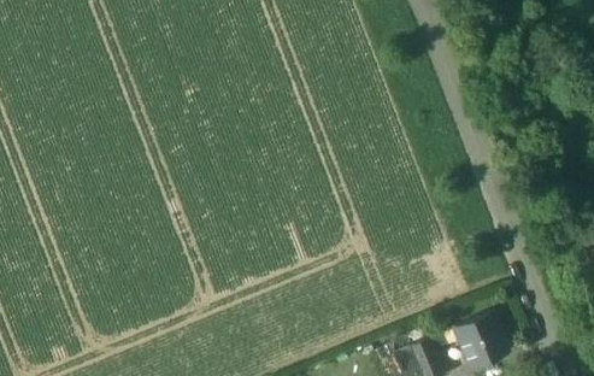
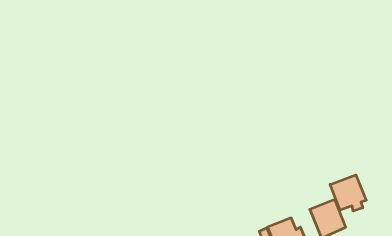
building: none -> [330,175,366,211]

